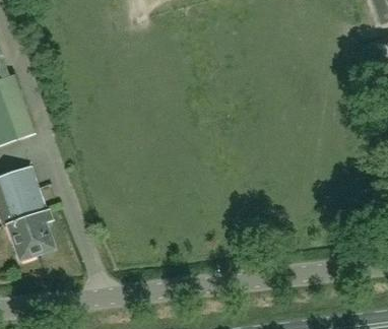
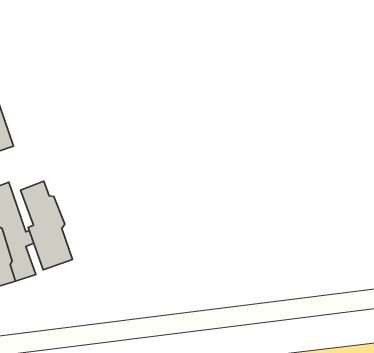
building: none -> [21,181,72,270]

